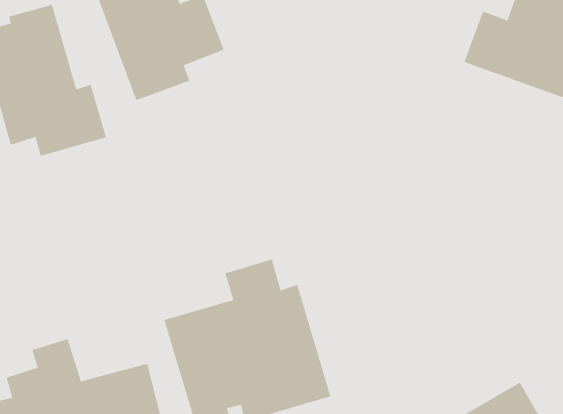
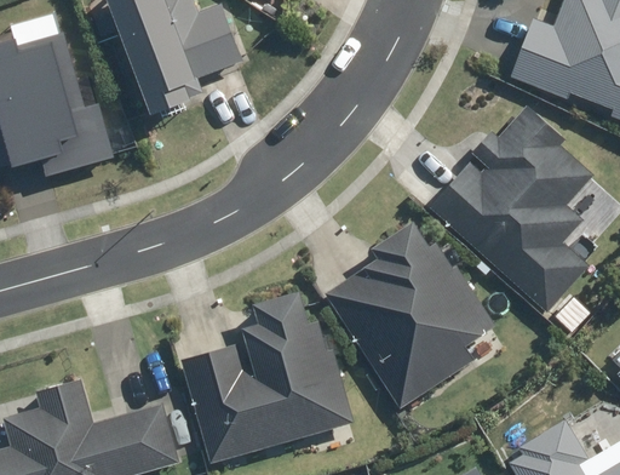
building: none -> [431,108,598,316]
building: none -> [323,218,507,411]

